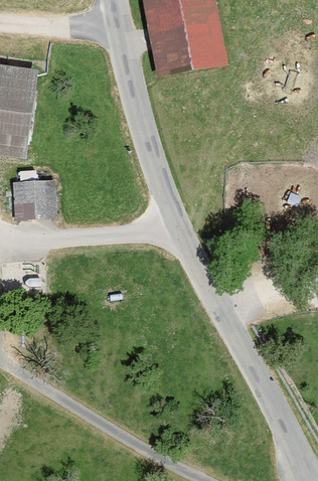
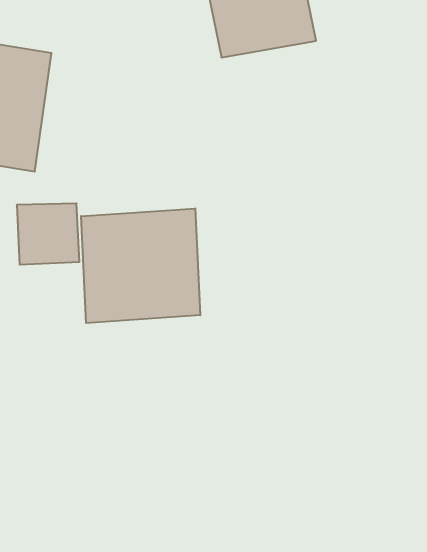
building: none -> [81,208,200,323]

